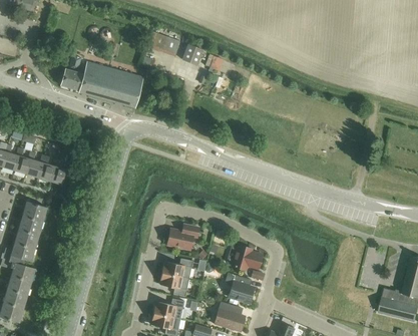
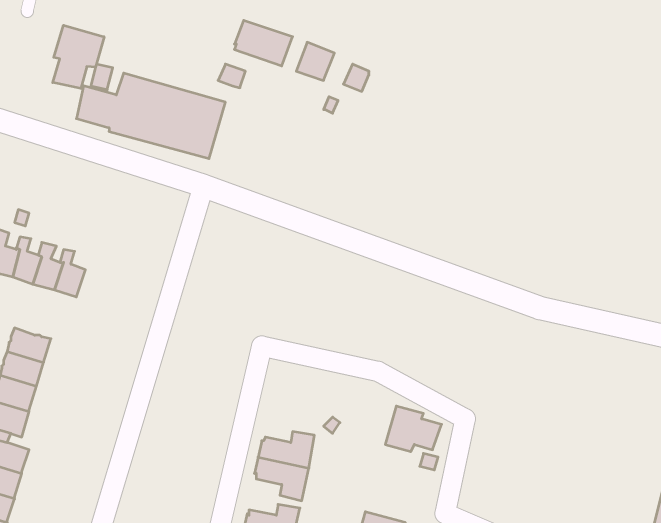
building: none -> [53,25,104,88]
building: [167,225,198,250] -> none
building: [226,273,254,303] -> none

